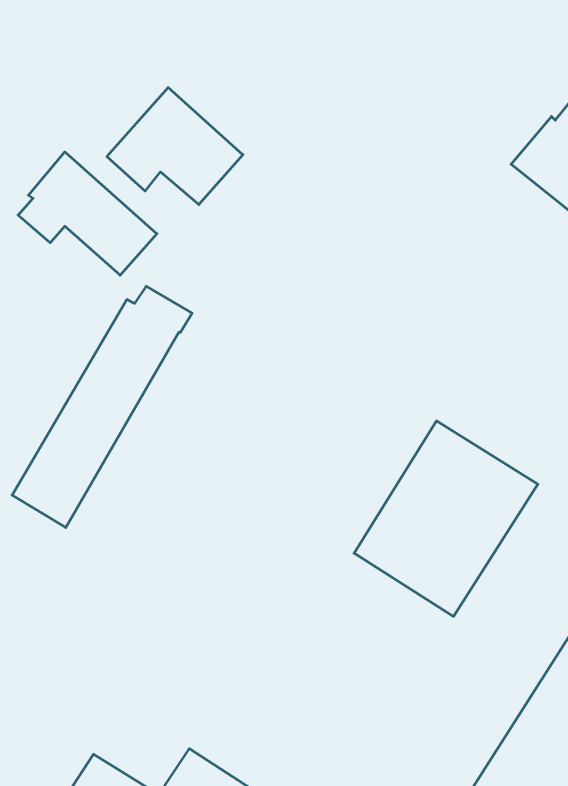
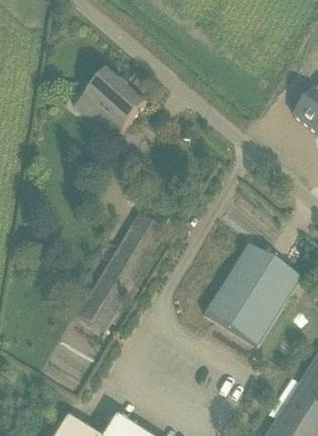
building: [18,152,157,275] -> none
building: [12,286,192,528] -> [77,204,172,331]

